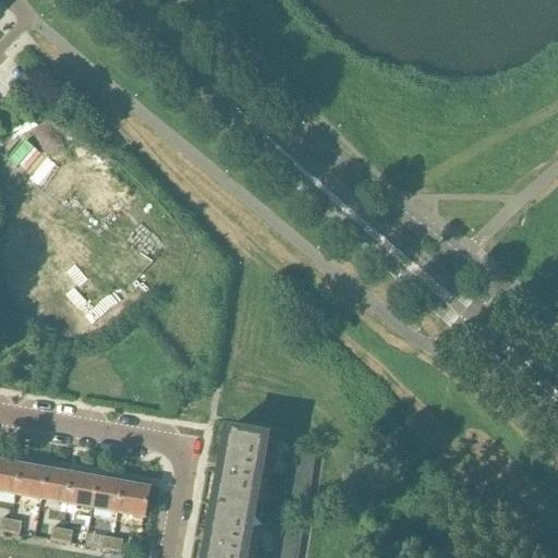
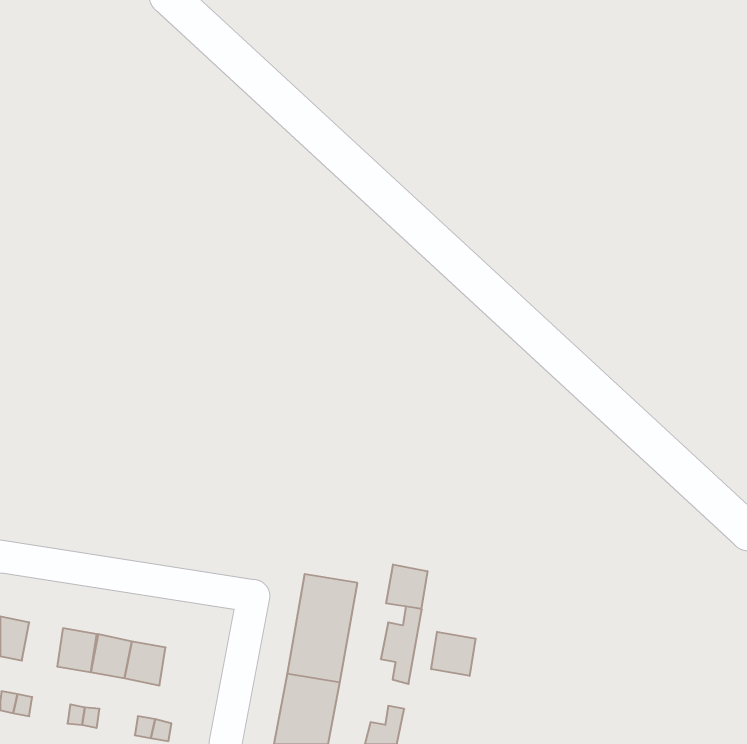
building: none -> [386,564,427,609]
building: [17,463,48,496] -> none
building: none -> [431,632,476,676]
building: [120,482,150,514] -> none

